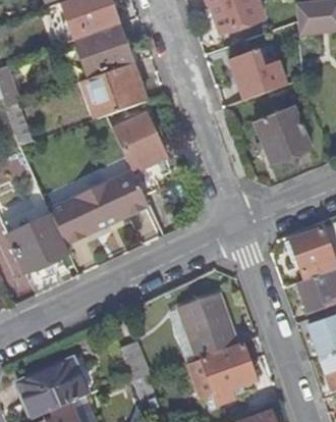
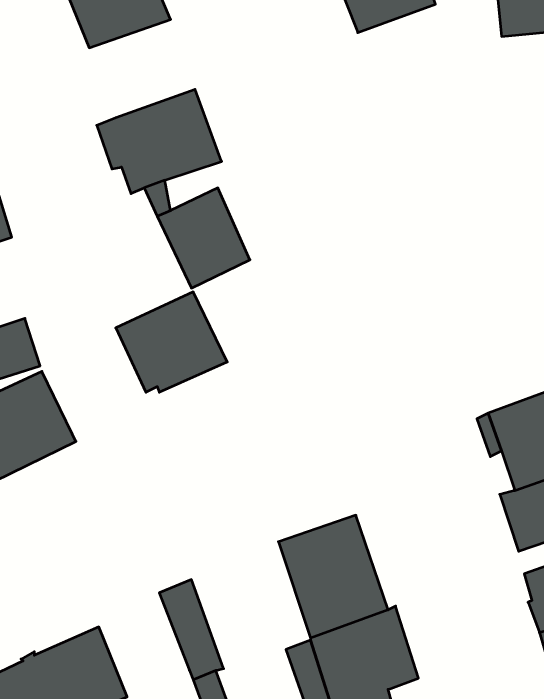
building: [76,24,133,77] -> none
building: [230,46,289,99] -> none
building: [256,106,312,165] -> none
building: [50,191,107,248] -> none

